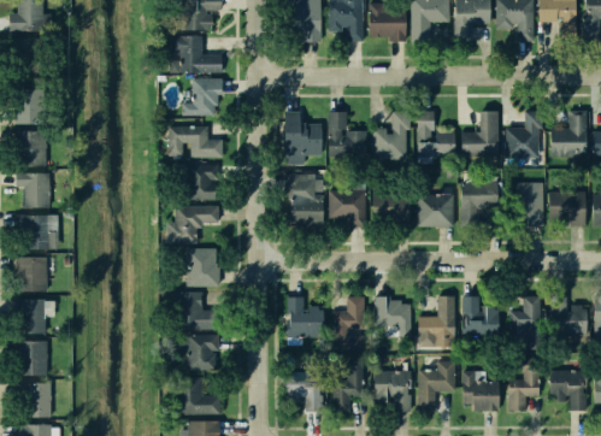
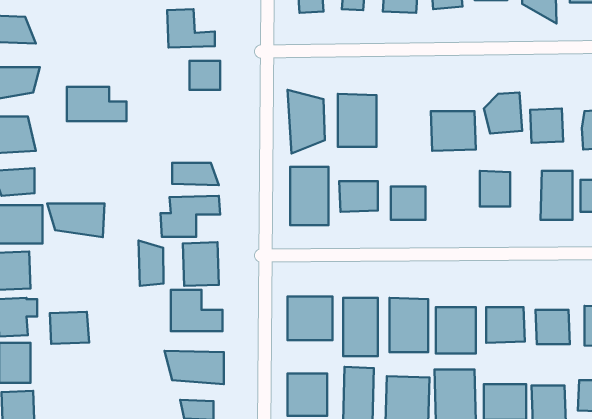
building: [172,125,226,157] -> [67,87,126,121]
building: [372,129,397,166] -> none
building: [422,193,450,228] -> none
building: none -> [47,203,105,237]
building: none -> [138,240,164,286]
building: none -> [50,312,89,344]

